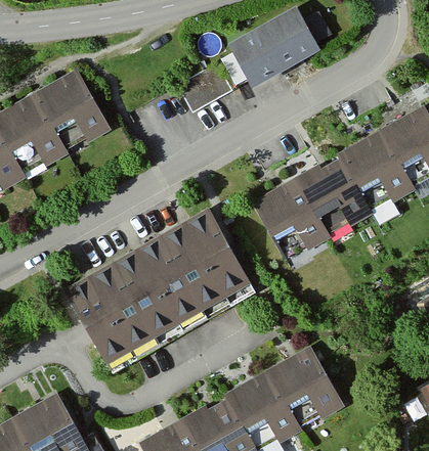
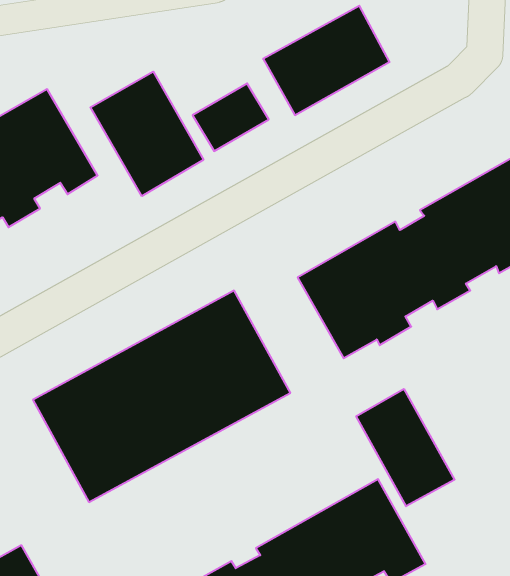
building: none -> [90,72,203,196]
building: none -> [356,389,455,506]

